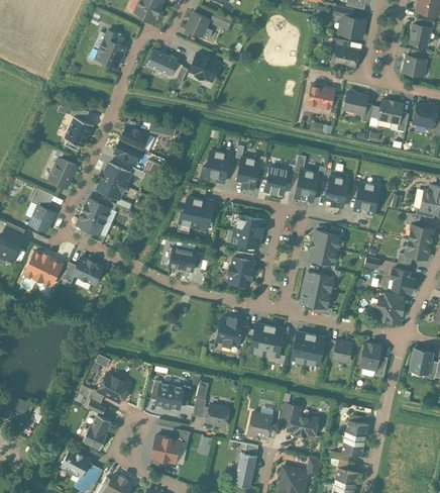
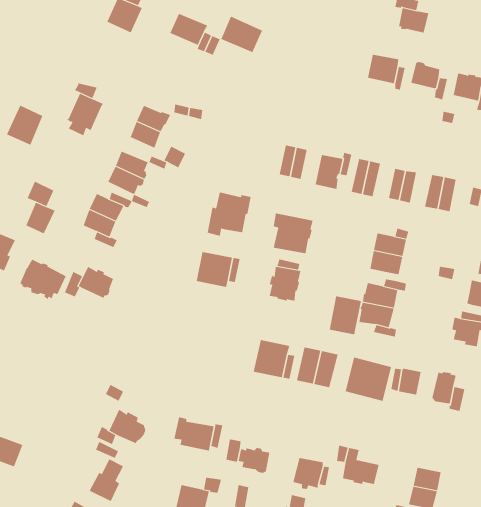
building: [200,151,230,183] -> none
building: [47,159,78,192] -> [6,105,43,146]
building: none -> [329,296,361,335]

